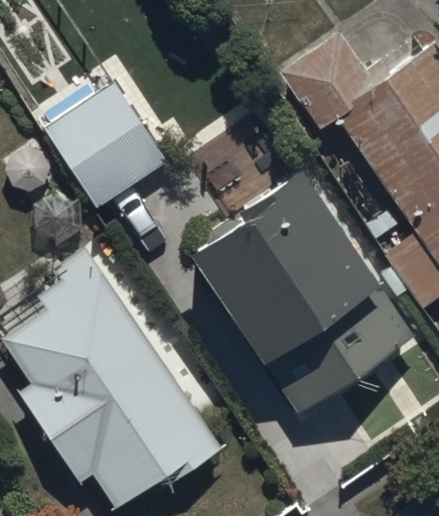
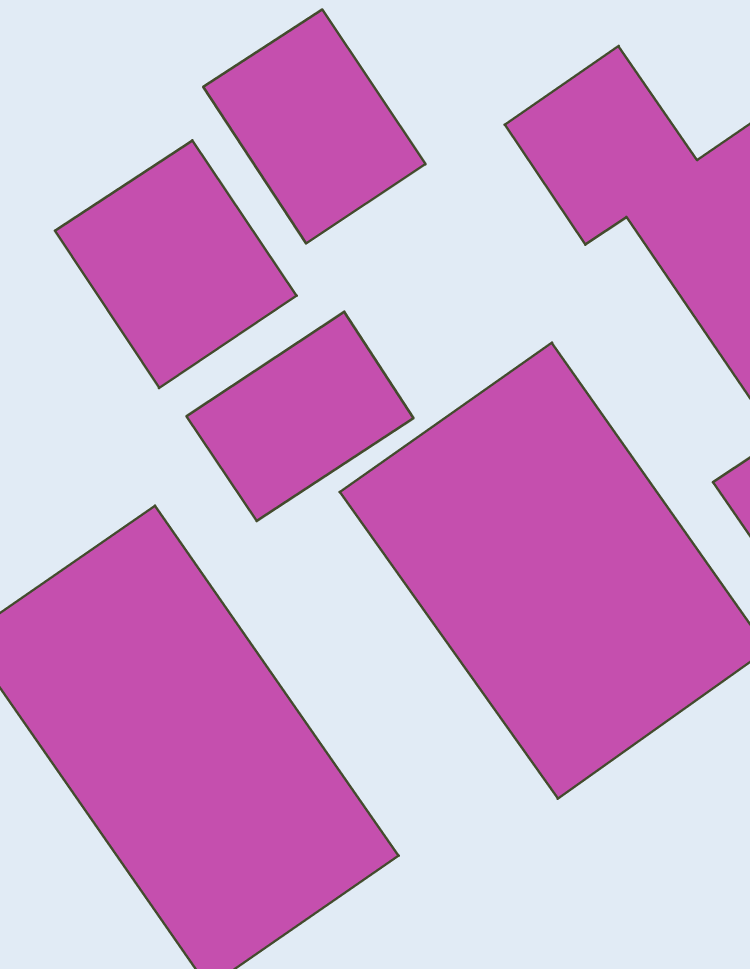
building: none -> [203,10,425,243]
building: none -> [187,312,413,521]

